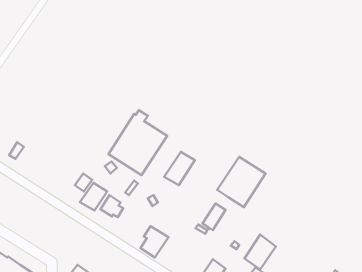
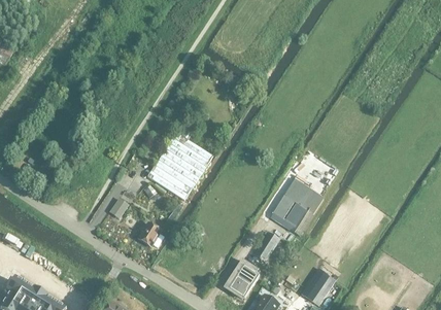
building: [164,152,195,185] -> none
building: [80,183,107,211] -> none
building: [140,226,169,257] -> [228,264,260,299]

